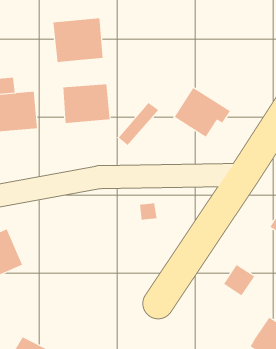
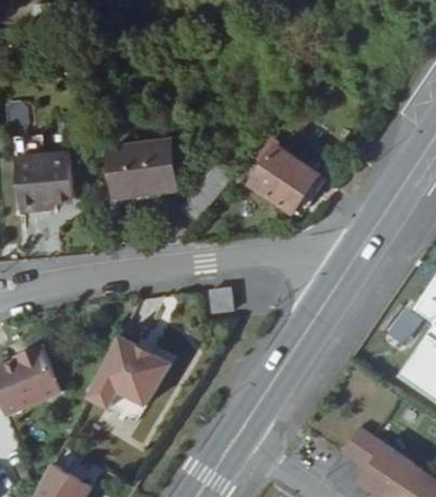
building: [53,17,103,63] -> none
building: none -> [93,346,177,420]
building: [223,264,255,296] -> [341,434,384,476]

